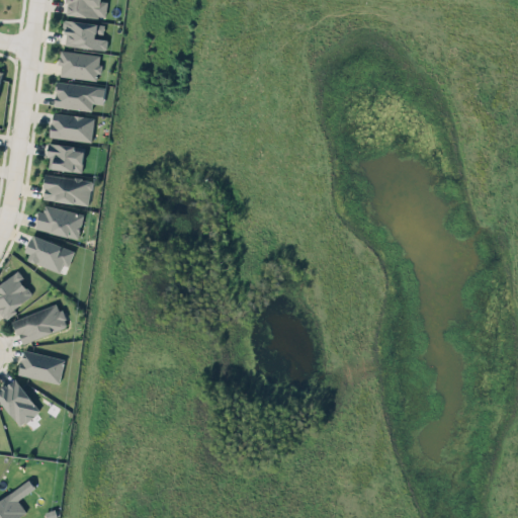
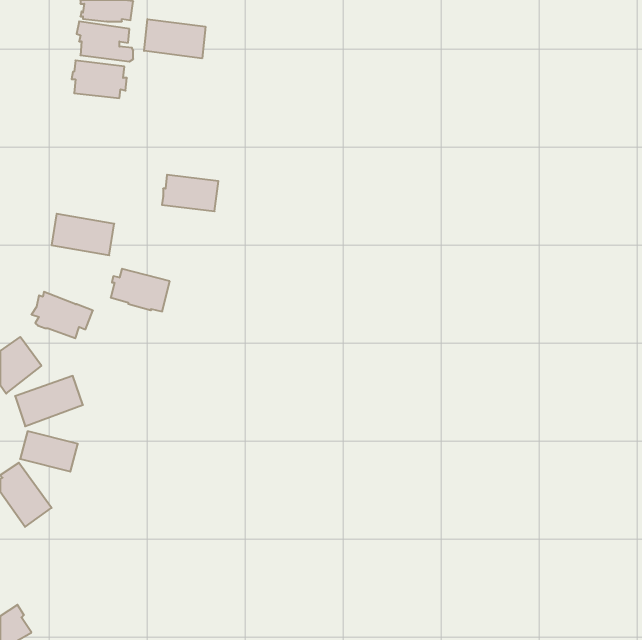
building: none -> [144,19,205,58]
building: [55,82,99,112] -> none
building: [50,113,95,143] -> [162,175,218,211]
building: [47,144,85,173] -> none
building: [36,205,84,240] -> [111,269,170,311]

